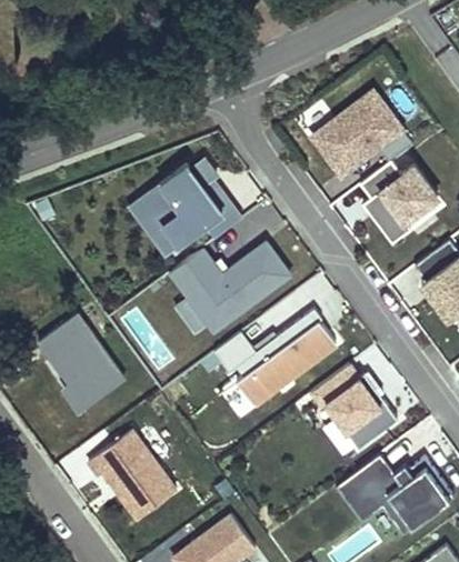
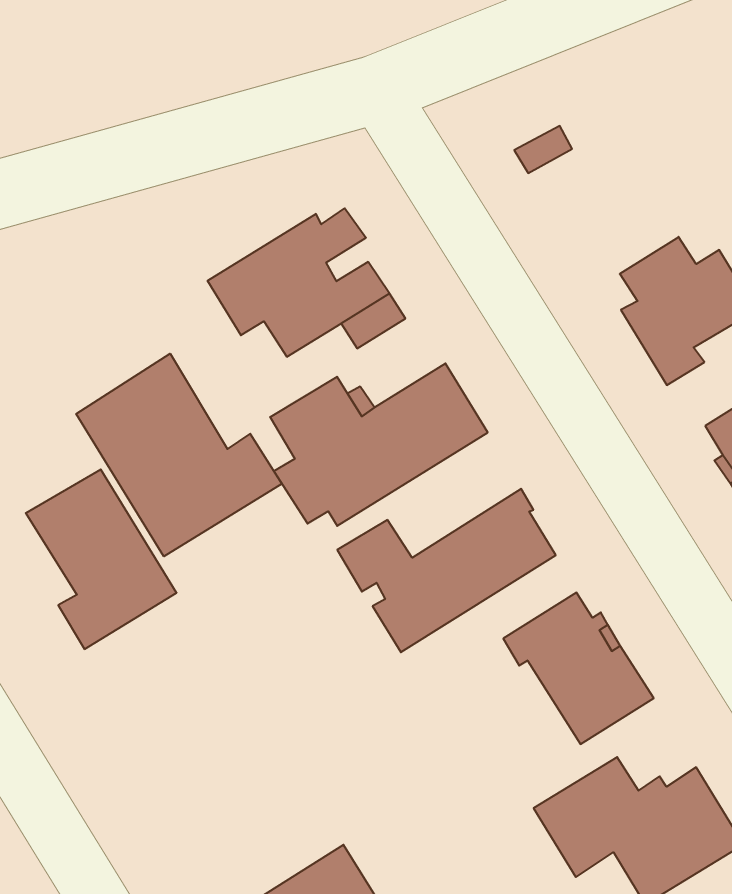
building: [313,92,413,175] -> none
building: none -> [76,354,282,556]
building: [88,429,176,519] -> none

